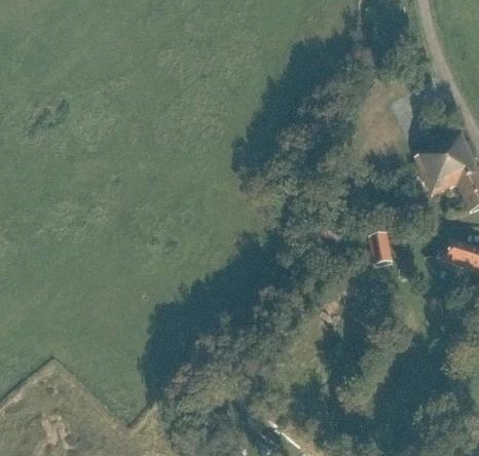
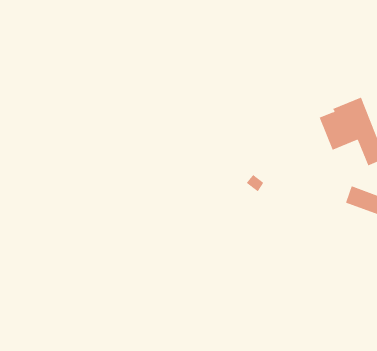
building: [368,232,393,265] -> none

